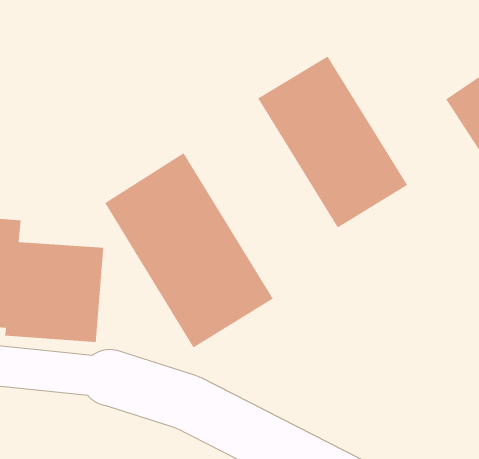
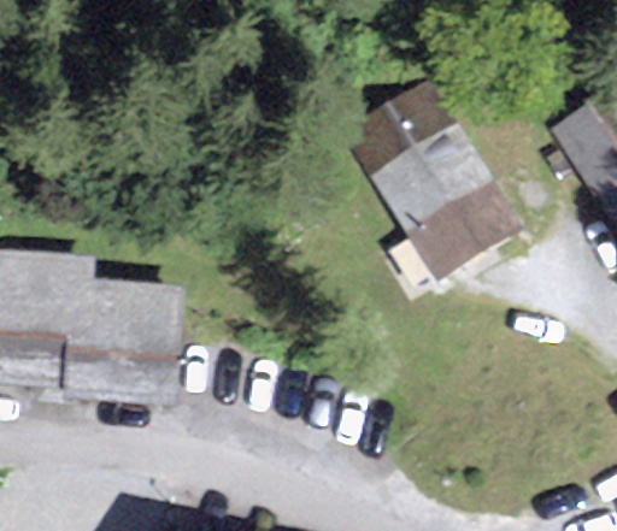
building: [104,152,274,349] -> none

